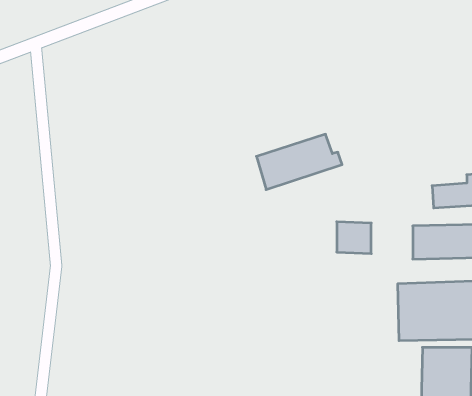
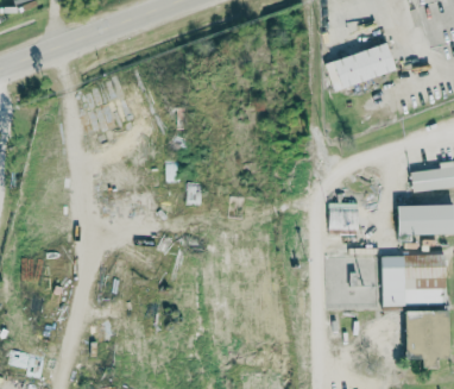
building: [256,134,342,190] -> [326,43,399,90]

